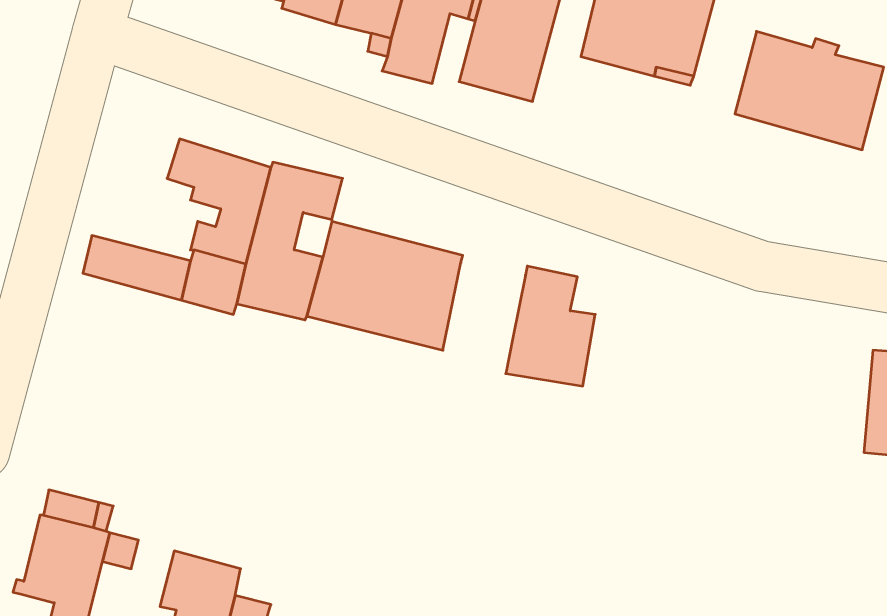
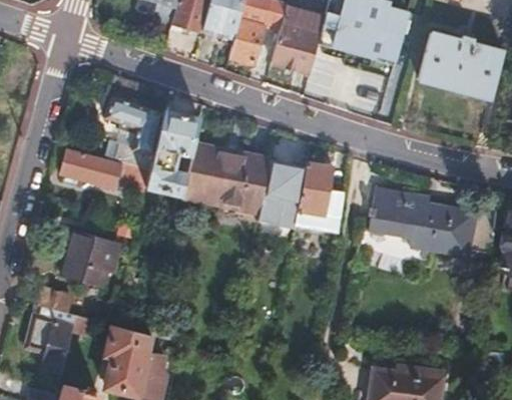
building: none -> [261,164,307,220]
building: none -> [366,188,490,261]
building: none -> [59,229,118,286]

